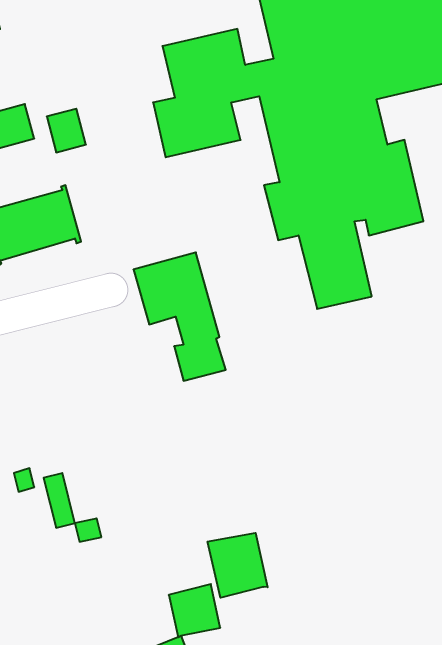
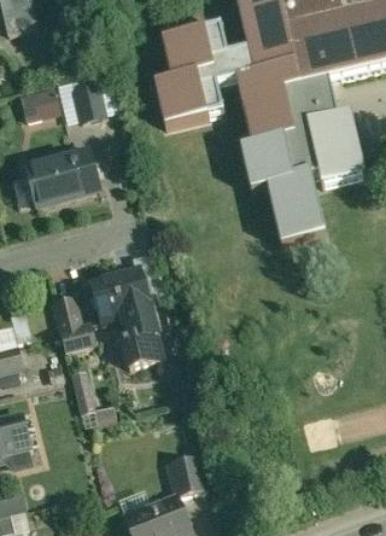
building: [133,252,226,381] -> [92,269,163,368]
building: none -> [55,299,96,354]
building: [208,533,268,598] -> none

